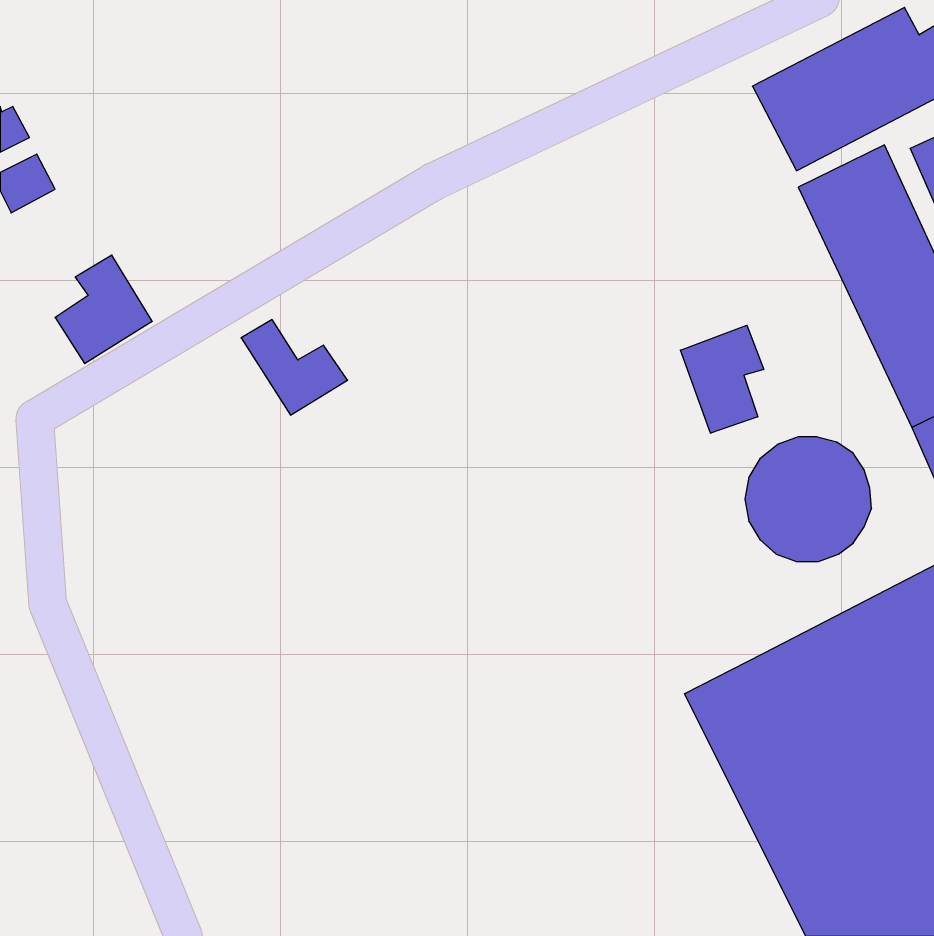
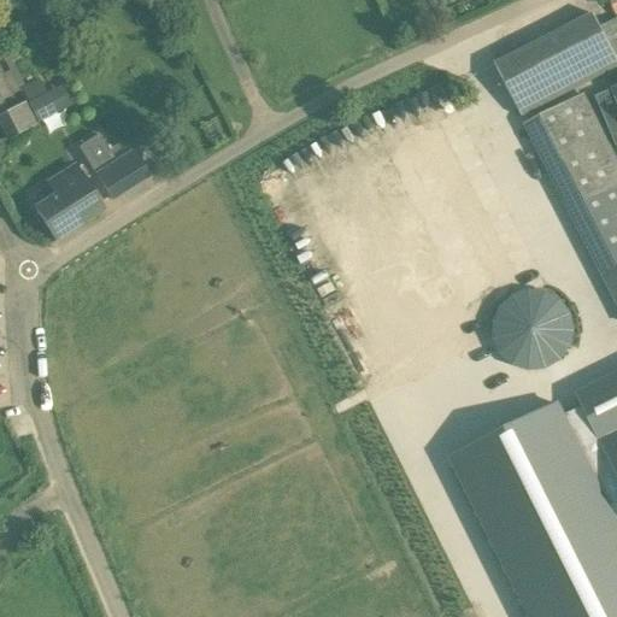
building: none -> [25,83,63,122]
building: [241,320,348,415] -> [82,140,152,202]
building: [680,325,764,433] -> none

